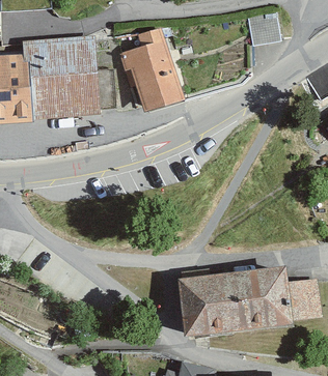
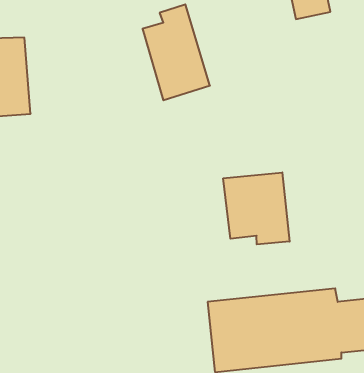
building: [23,38,98,121] -> none
building: none -> [223,172,290,244]

